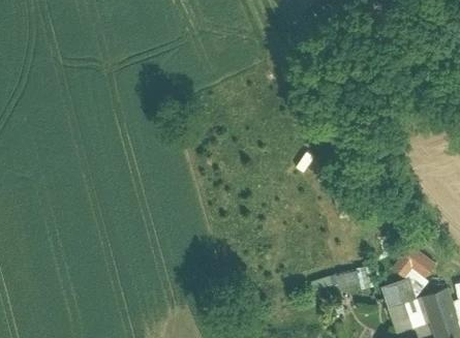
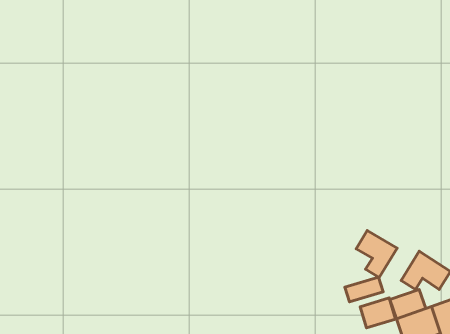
building: none -> [356,231,397,277]
building: none -> [360,298,396,328]

